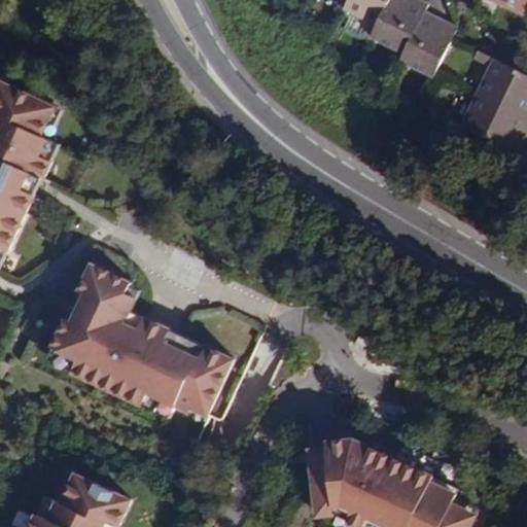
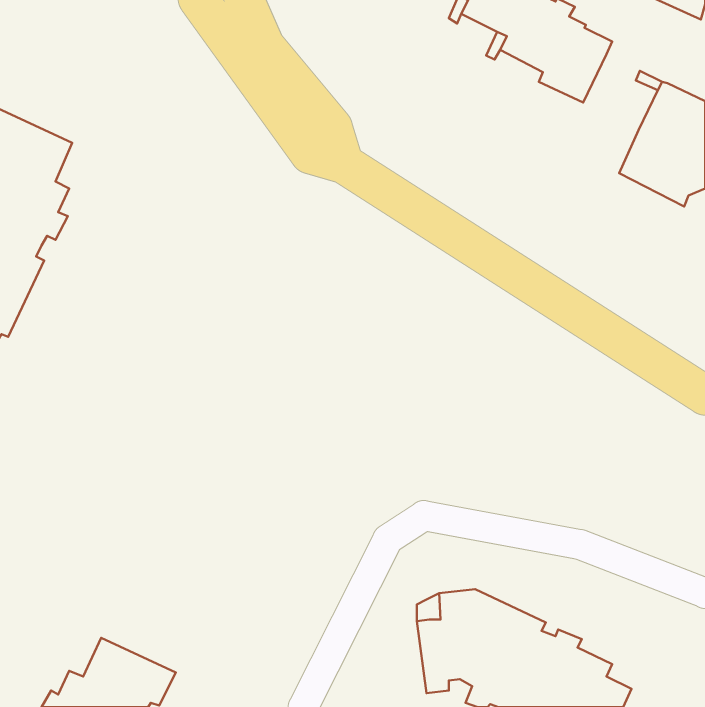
building: [52,264,233,414] -> none

